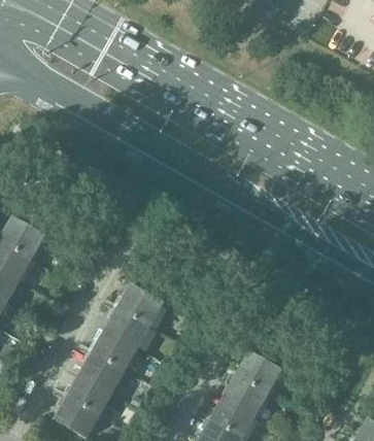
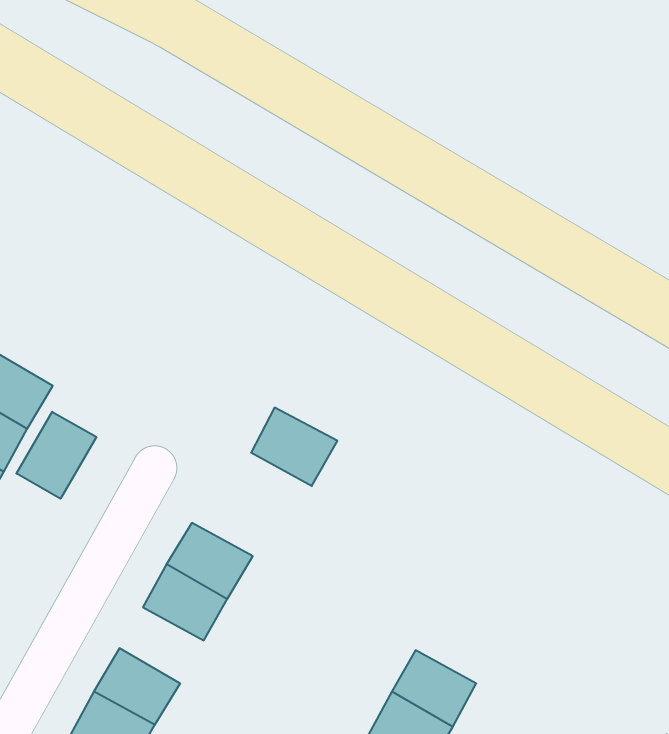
building: none -> [16,412,96,499]
building: [118,282,164,324] -> [251,408,337,486]
building: [80,350,125,391] -> none
building: [236,350,281,391] -> none

